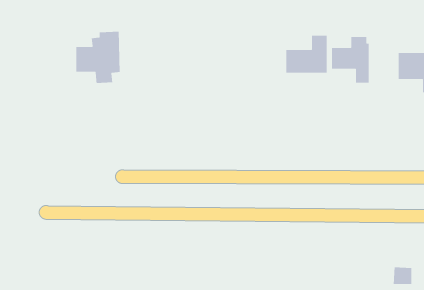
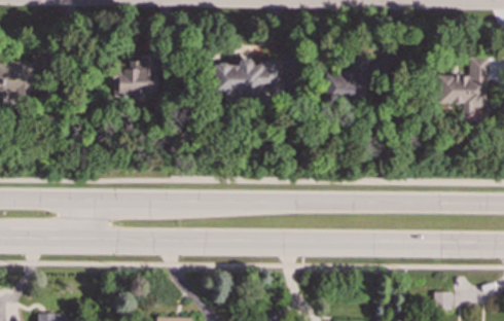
building: none -> [213,57,283,95]
building: [331,36,369,84] -> none

